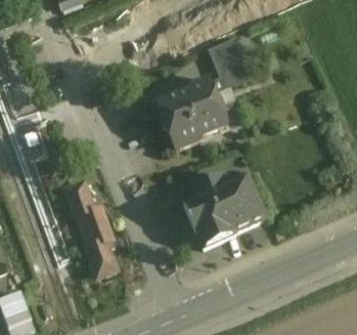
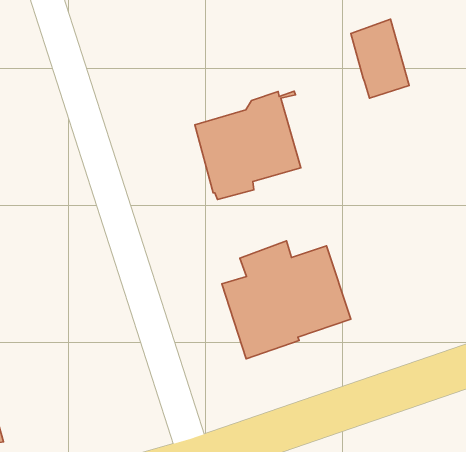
building: [207,37,247,88] -> [351,19,409,98]
building: [63,182,114,276] -> none

